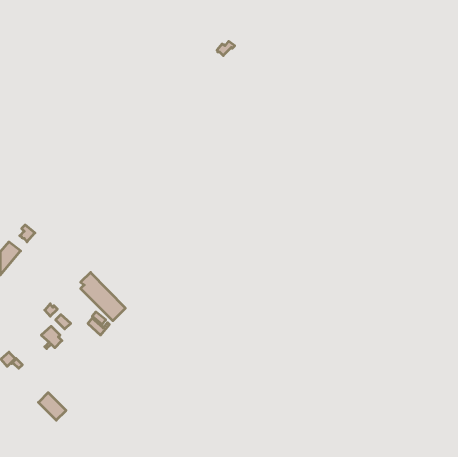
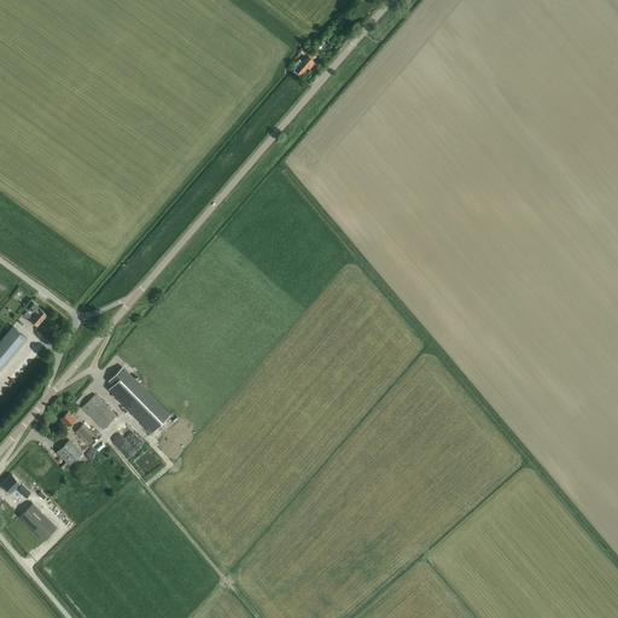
building: none -> [82,395,116,430]
building: [38,393,66,420] -> [19,503,57,541]

